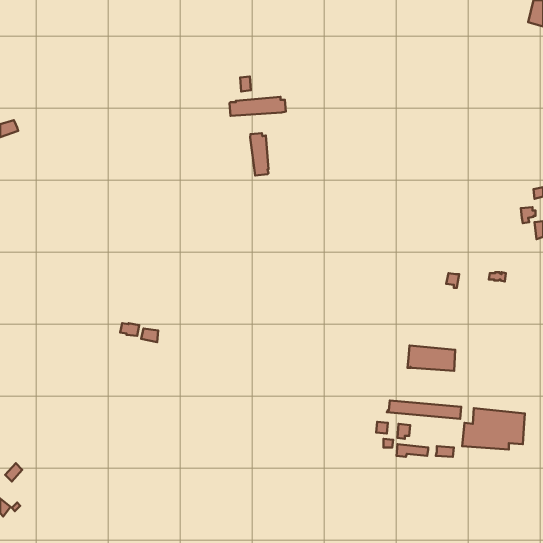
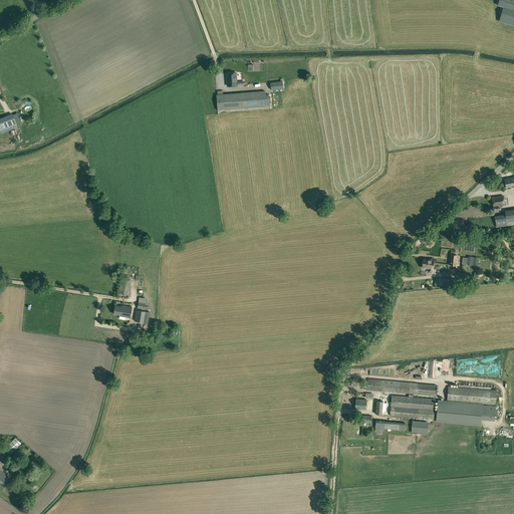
building: [250,133,269,175] -> none
building: [407,345,455,371] -> [390,395,435,419]

